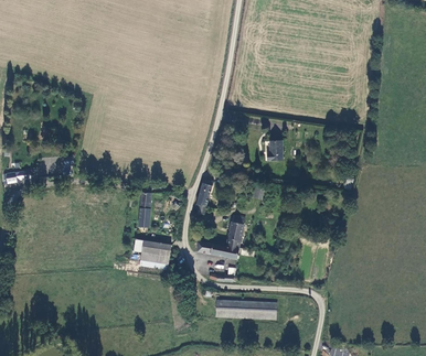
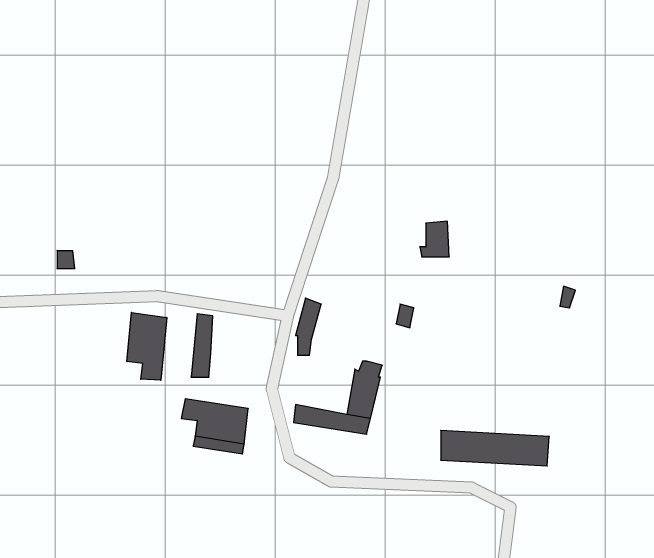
building: none -> [127,312,167,380]
building: [216,299,277,319] -> [441,430,549,466]

